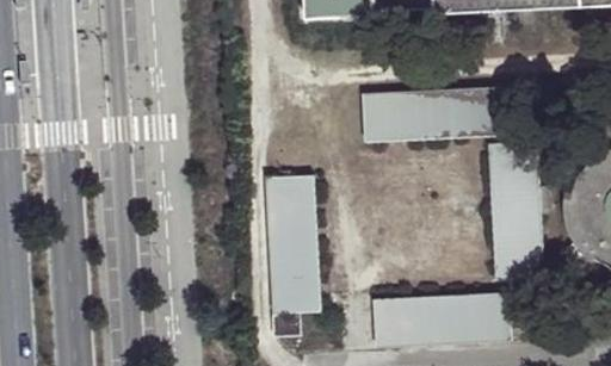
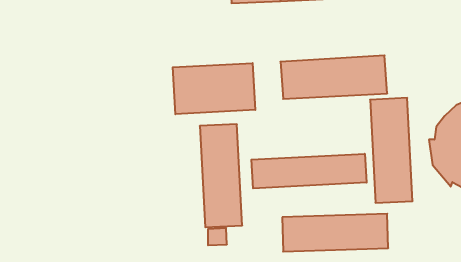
building: none -> [173,63,255,114]
building: none -> [251,154,367,188]

